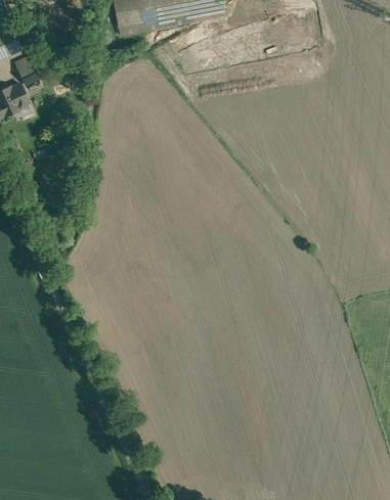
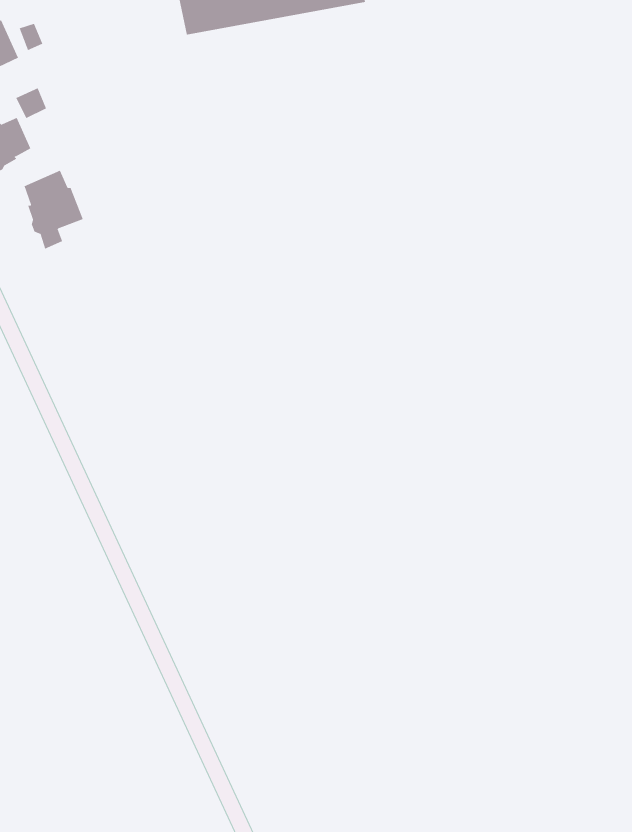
building: none -> [24,170,83,249]

